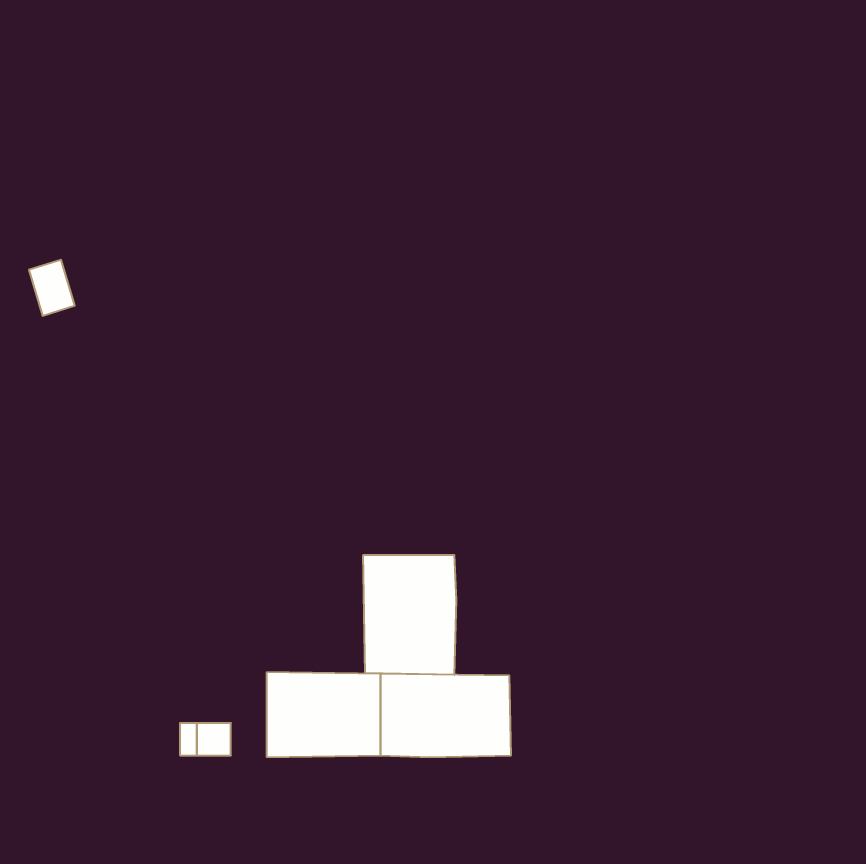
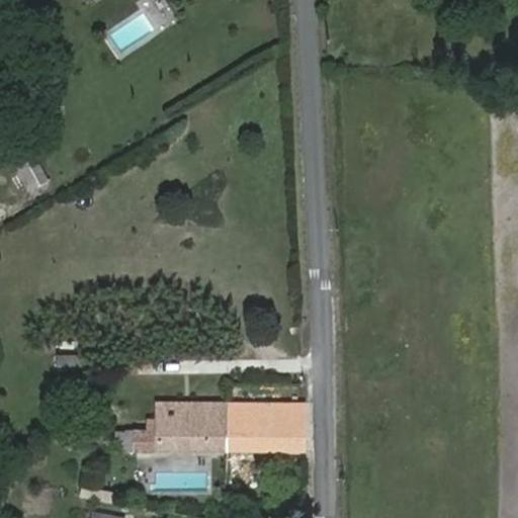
building: [363,555,456,675] -> none

